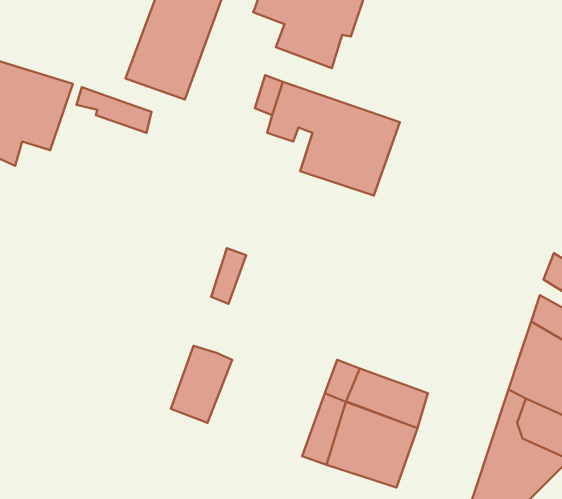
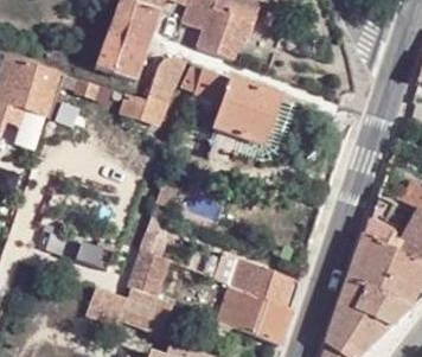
building: none -> [115,59,181,126]
building: none -> [111,291,165,336]

